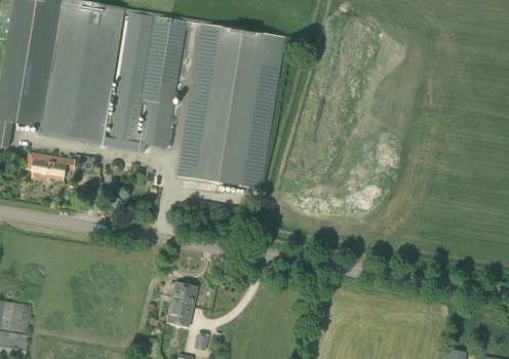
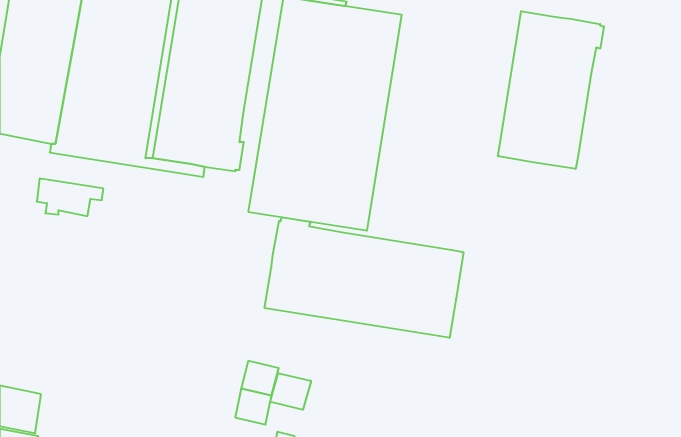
building: none -> [498,11,604,169]
building: none -> [265,217,463,338]
building: none -> [270,373,311,410]

